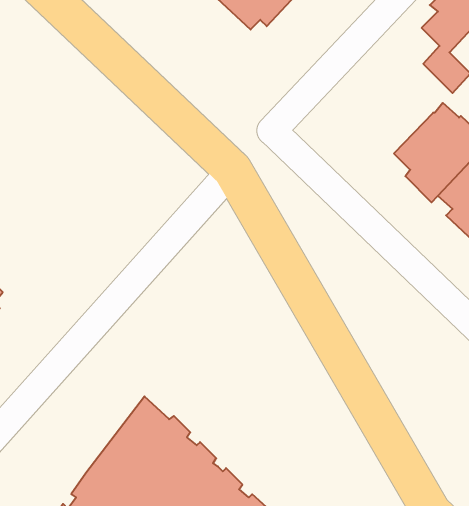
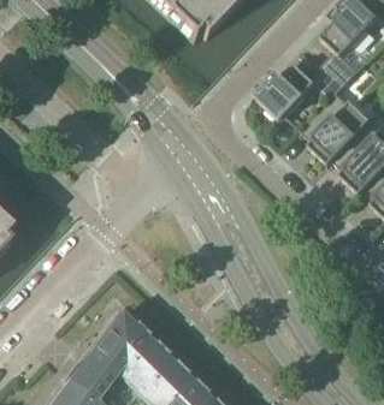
building: none -> [259,60,345,117]

